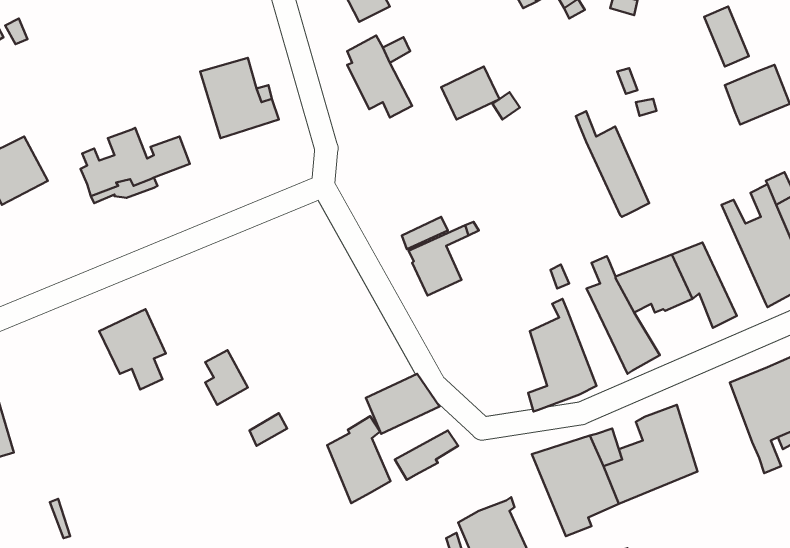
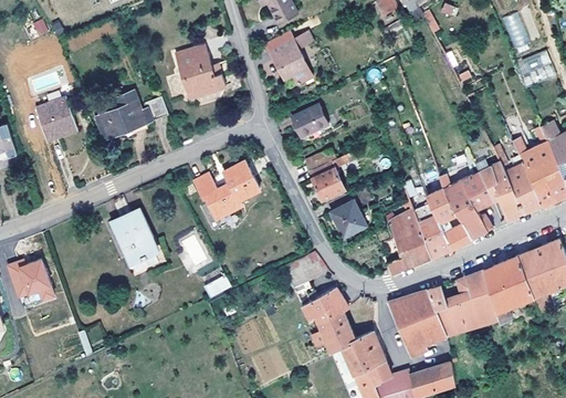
building: [441,67,499,120] -> [291,103,328,137]
building: [576,111,649,217] -> [493,145,541,213]
building: none -> [192,160,259,218]
building: none -> [331,200,366,233]
building: none -> [412,201,451,258]
building: none -> [455,205,492,238]
building: none -> [123,237,159,270]
building: none -> [483,255,532,321]
building: [327,416,391,503] -> [314,296,355,353]

